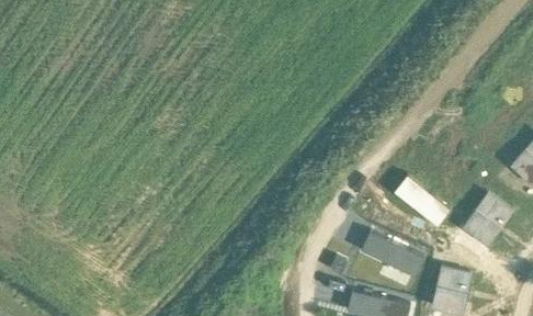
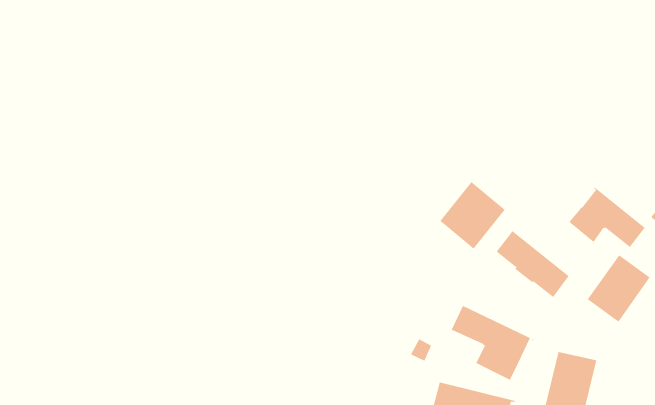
building: none -> [439,181,506,249]
building: none -> [569,186,646,248]

